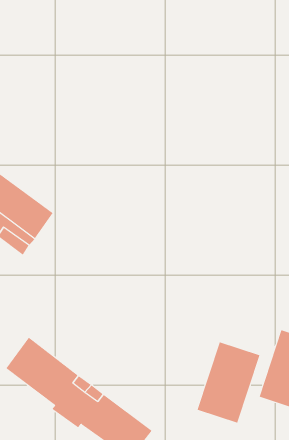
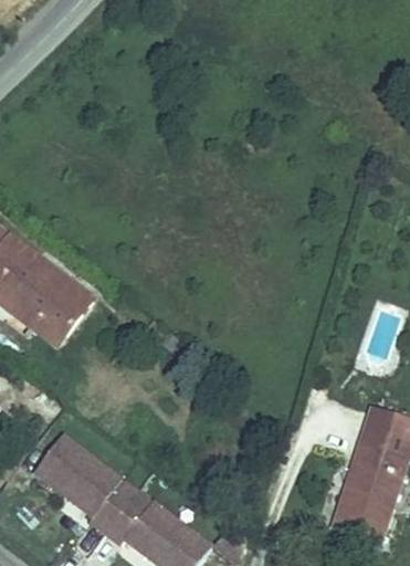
building: [197,342,260,423] -> none

